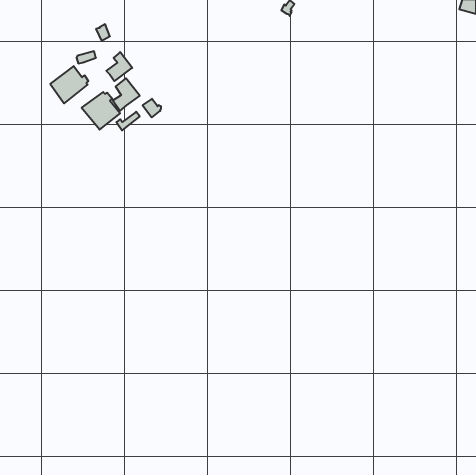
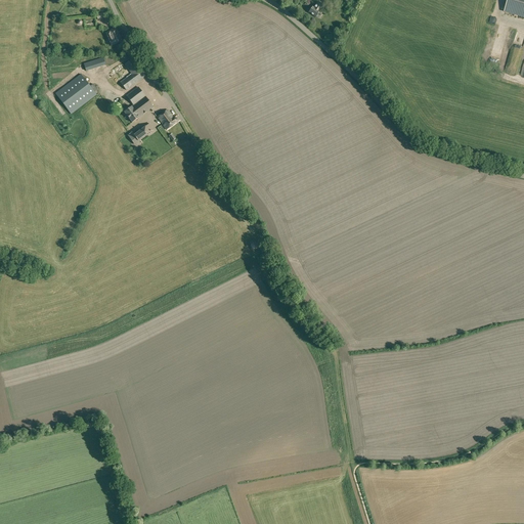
building: [82,92,120,130] -> none

